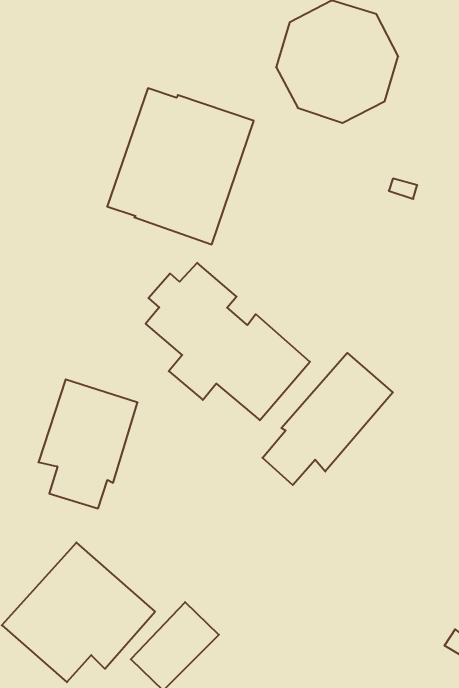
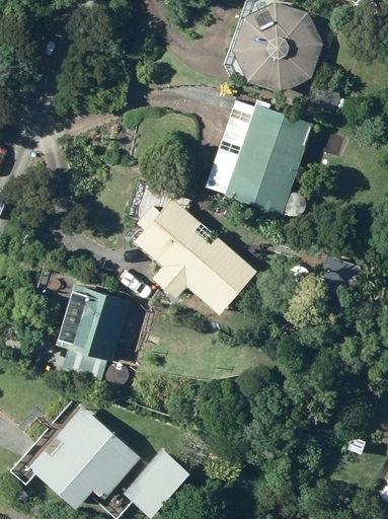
building: [107,88,254,244] -> [204,98,313,215]
building: [262,353,393,485] -> none

